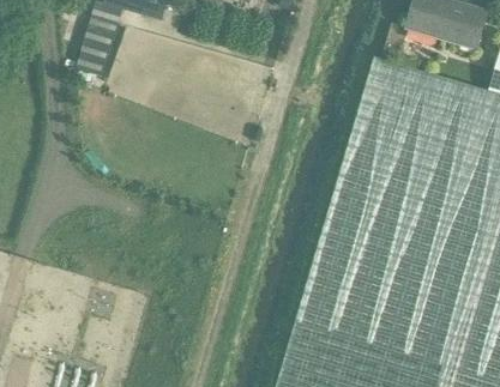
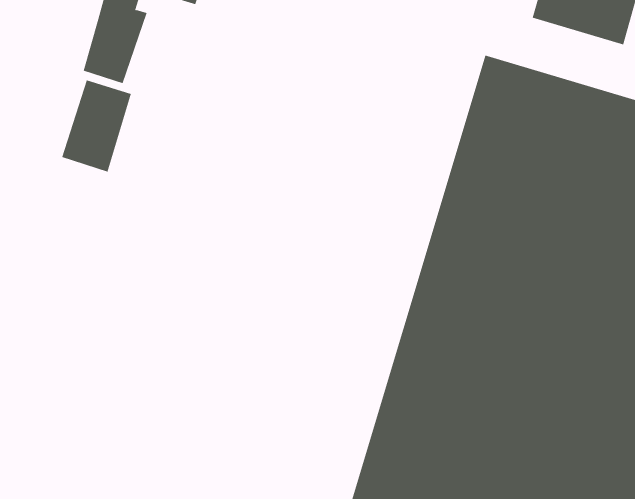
building: none -> [61,79,132,172]

